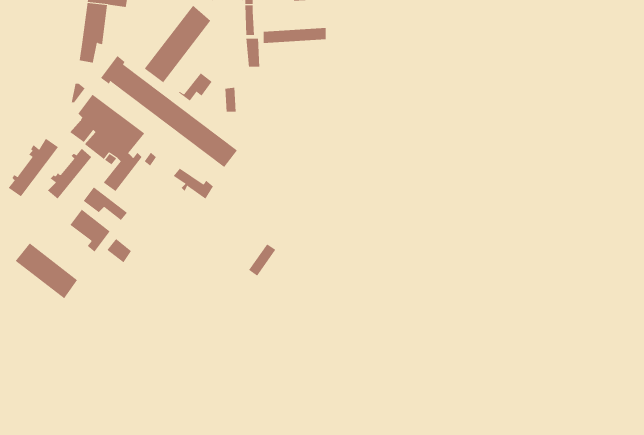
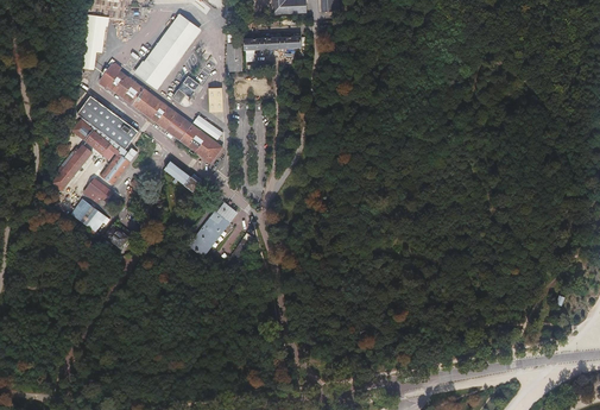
building: [8,138,59,197] -> none
building: none -> [188,203,235,256]
building: [15,242,78,299] -> none

